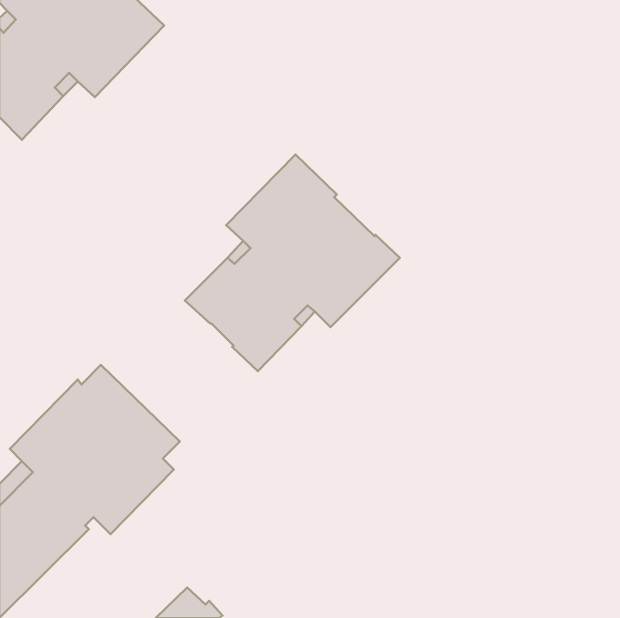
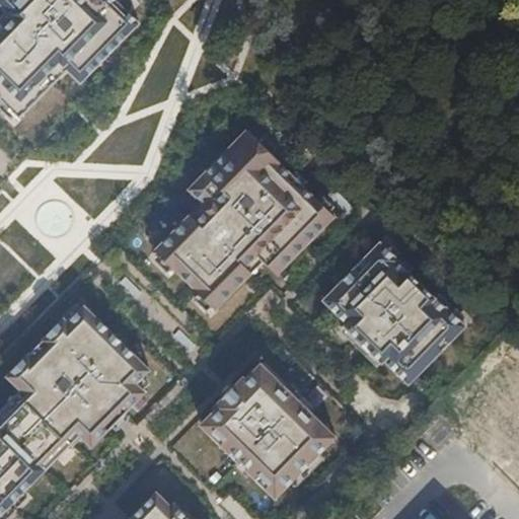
building: none -> [322,242,465,383]
building: none -> [201,362,336,497]

